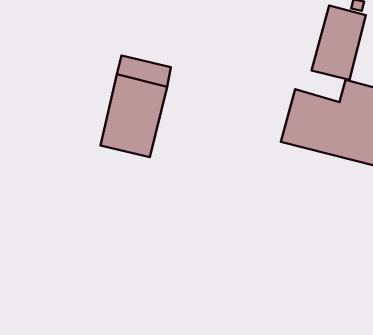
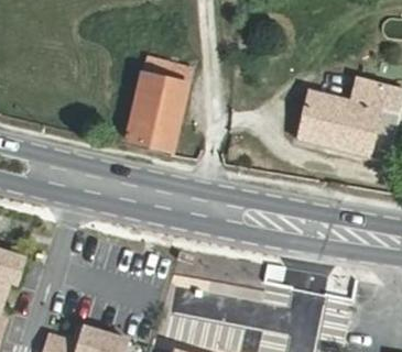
building: [311,5,366,80] -> none

